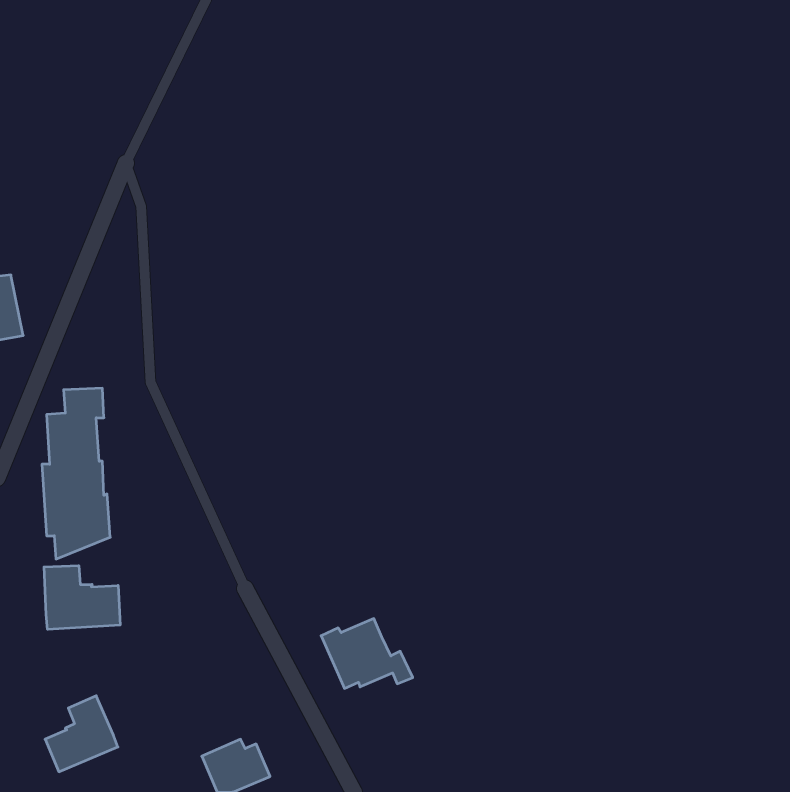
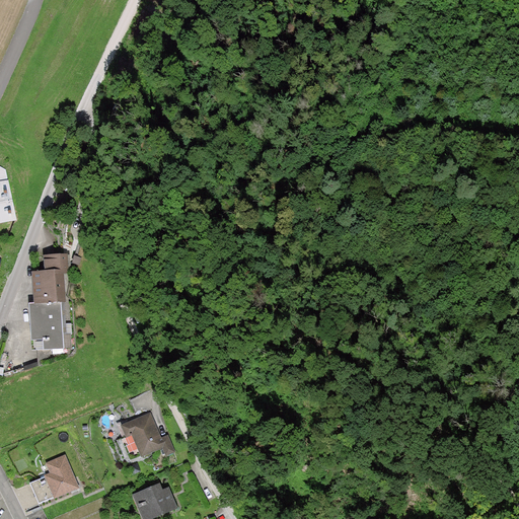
building: [44,566,120,629] -> none
building: [321,619,413,688] -> [115,412,174,457]

